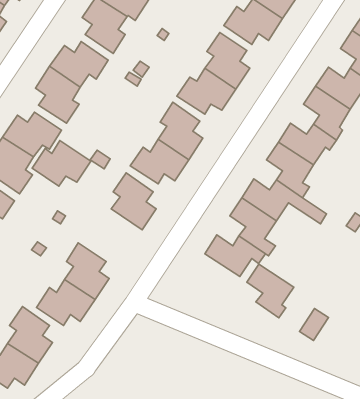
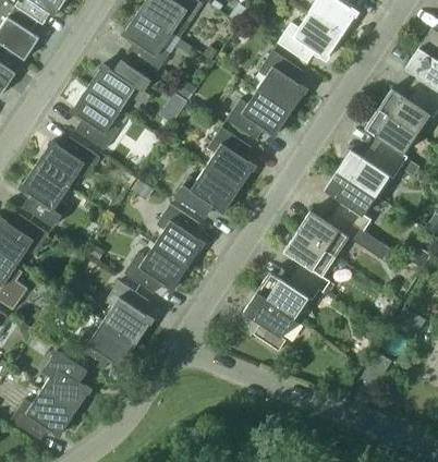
building: [32,140,91,186] -> [124,243,188,293]
building: [247,264,294,318] -> [244,292,295,351]

